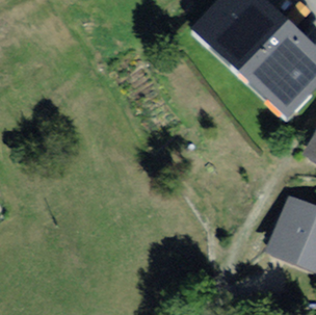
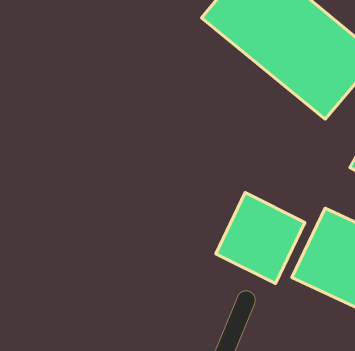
building: none -> [216,193,305,284]

